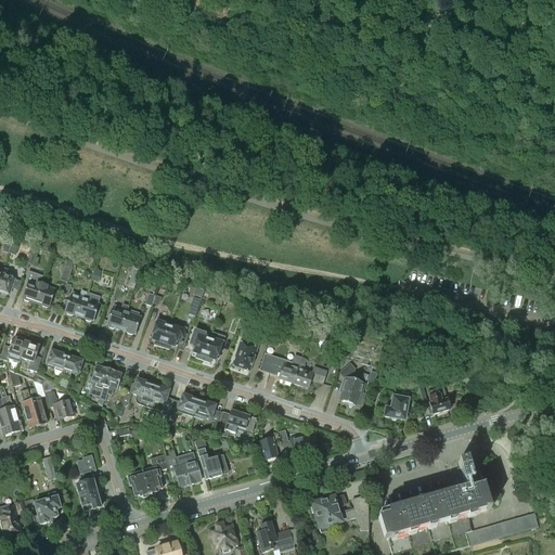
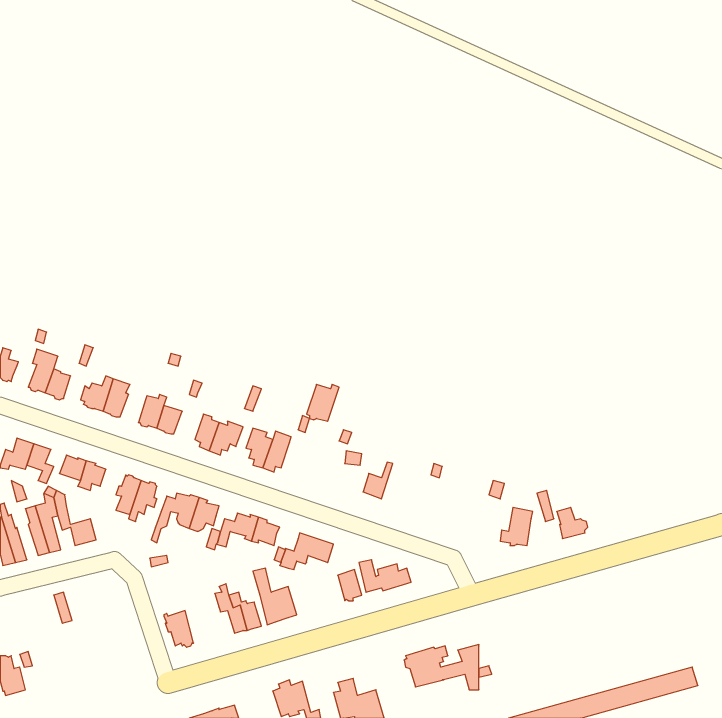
building: [232,341,257,370] -> [307,384,339,421]
building: [293,356,326,387] -> none
building: [339,361,364,406] -> none
building: [75,453,101,511] -> none
building: [142,454,168,493] -> none
building: [379,459,487,538] -> none
building: [33,490,60,524] -> none

